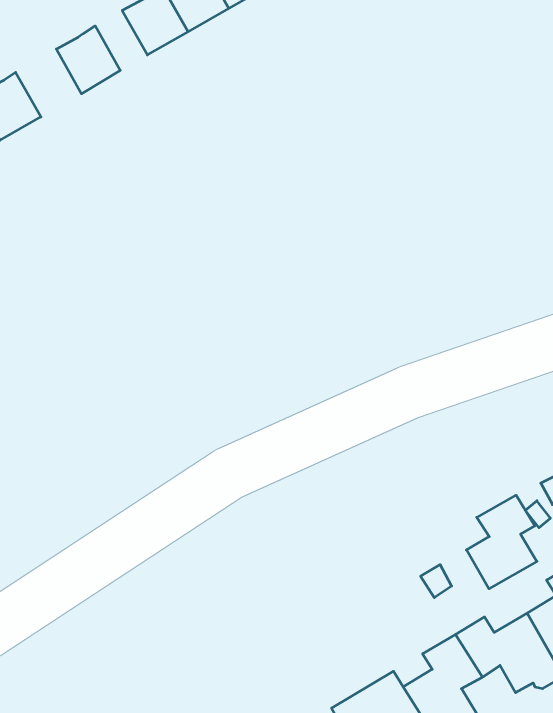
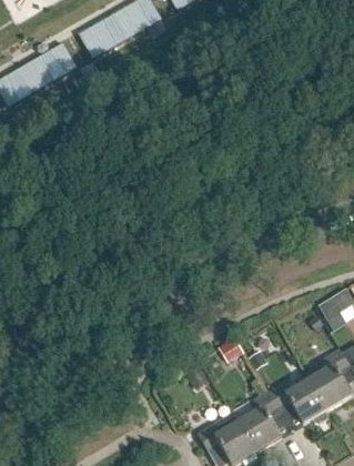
building: none -> [17,57,54,95]
building: [466,495,537,589] -> none

